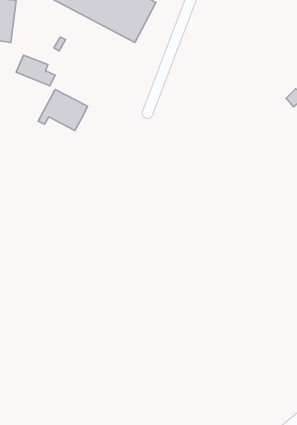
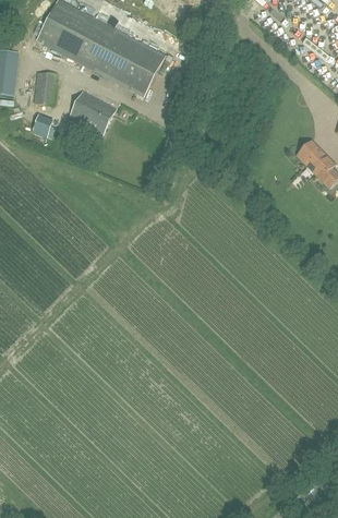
building: none -> [32,71,55,104]
building: [38,90,88,131] -> [63,89,114,132]

